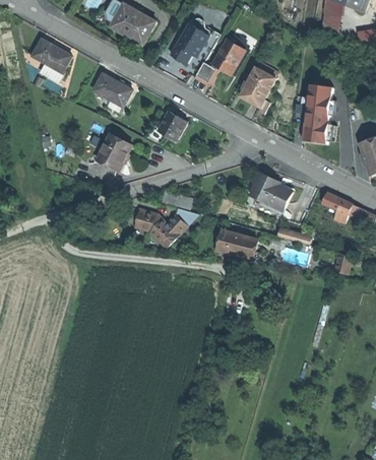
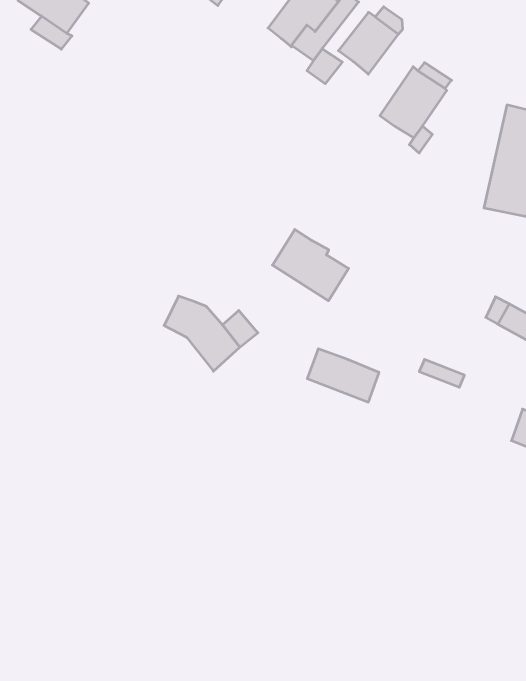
building: [92,72,133,106] -> none
building: [156,110,186,140] -> none
building: [96,135,128,170] -> none
building: [249,173,292,210] -> [272,229,349,301]

